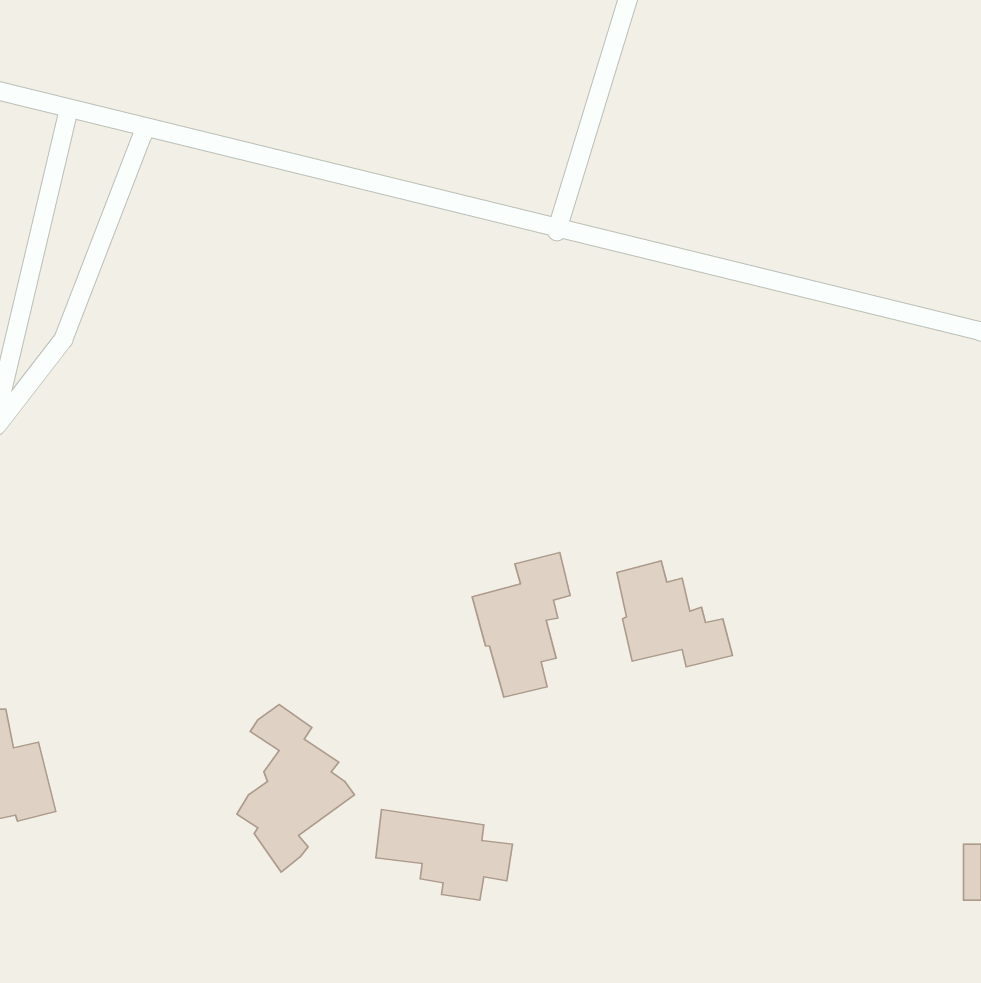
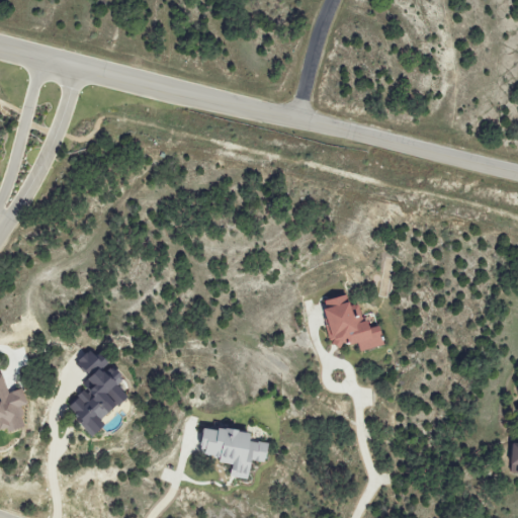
building: [472,553,570,697] -> none
building: [237,704,354,872] -> [68,350,130,438]

